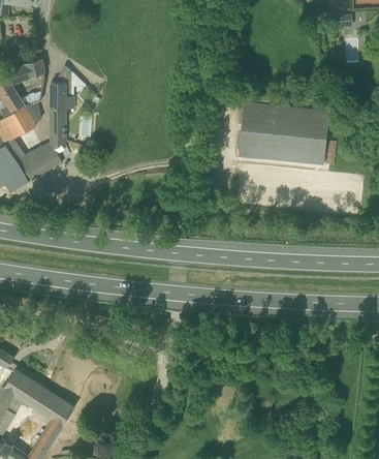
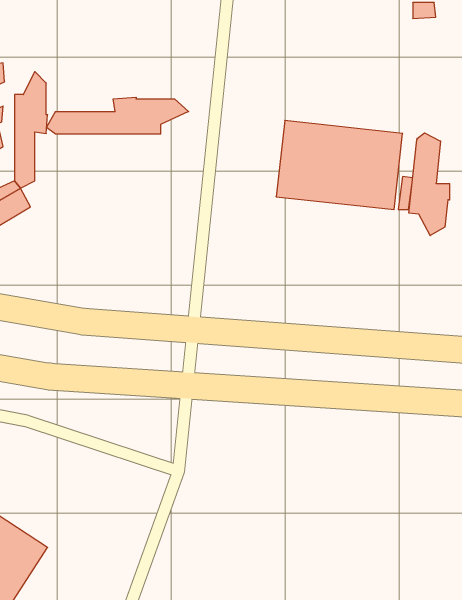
building: none -> [47,97,189,134]
building: none -> [409,133,450,236]

